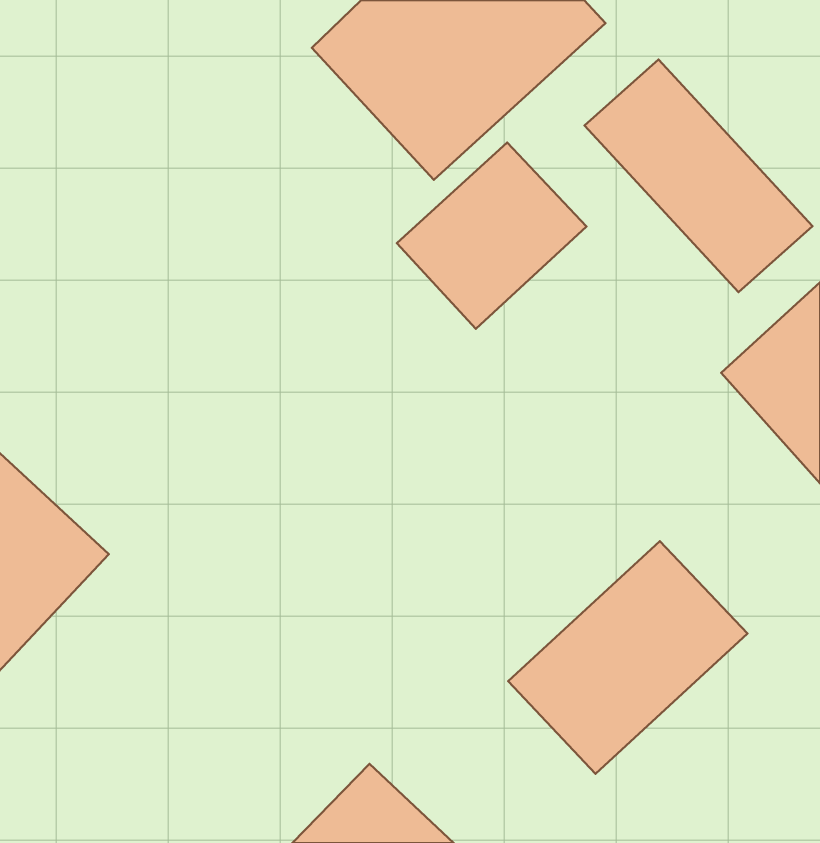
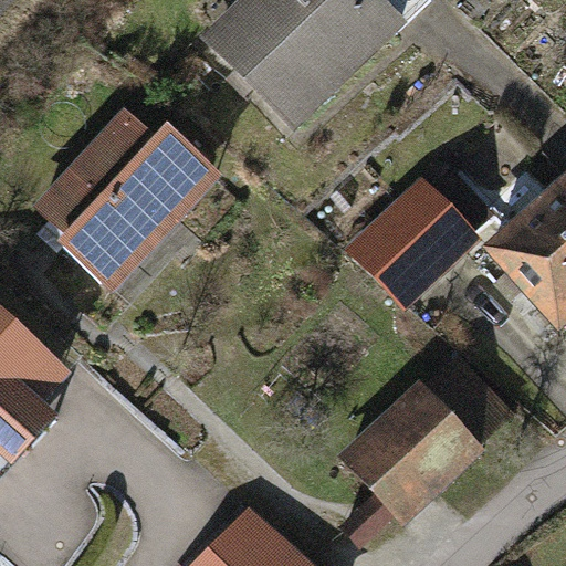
building: [585,59,812,292] -> none
building: [397,142,586,329] -> [347,179,474,304]
building: none -> [41,105,223,276]

